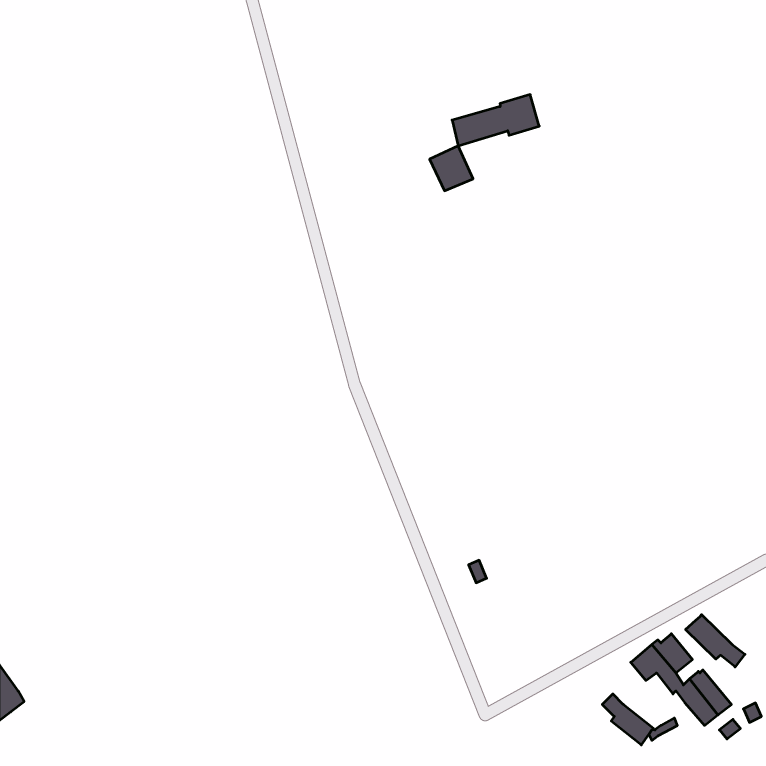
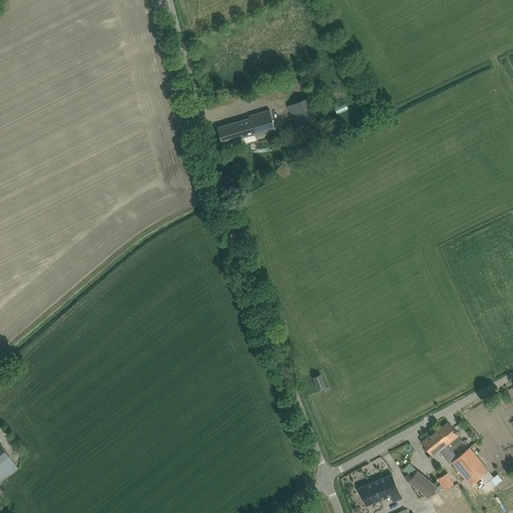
building: [452,95,539,146] -> [216,110,275,144]
building: [686,615,745,667] -> none
building: none -> [359,475,401,505]

